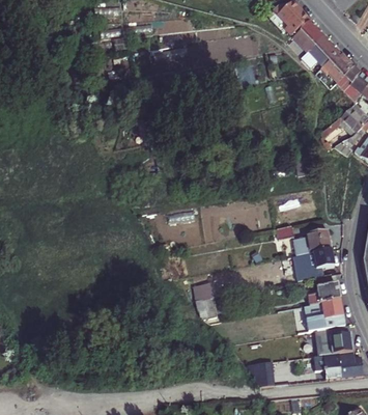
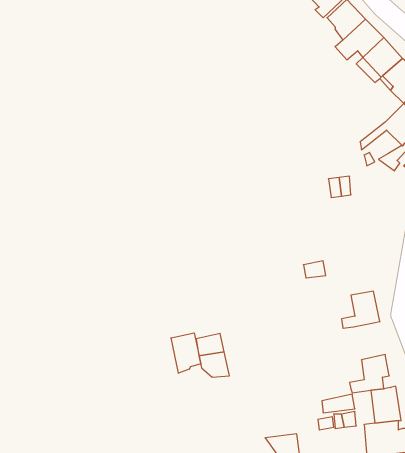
building: [293,229,331,257] -> none
building: [308,275,340,306] -> none
building: none -> [171,333,201,373]

